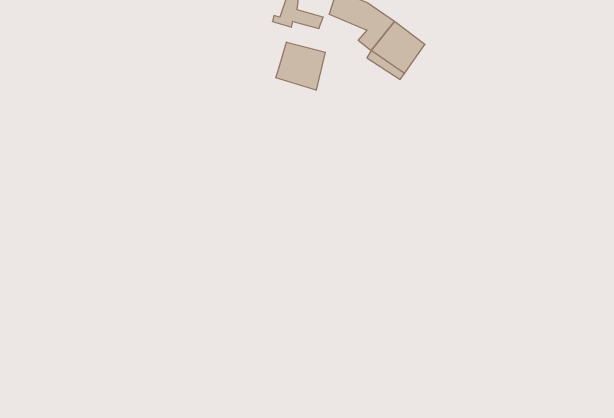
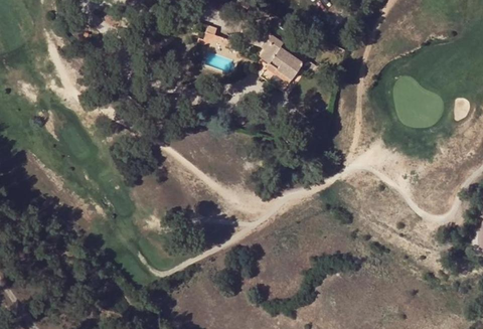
building: [276,42,325,90] -> none

